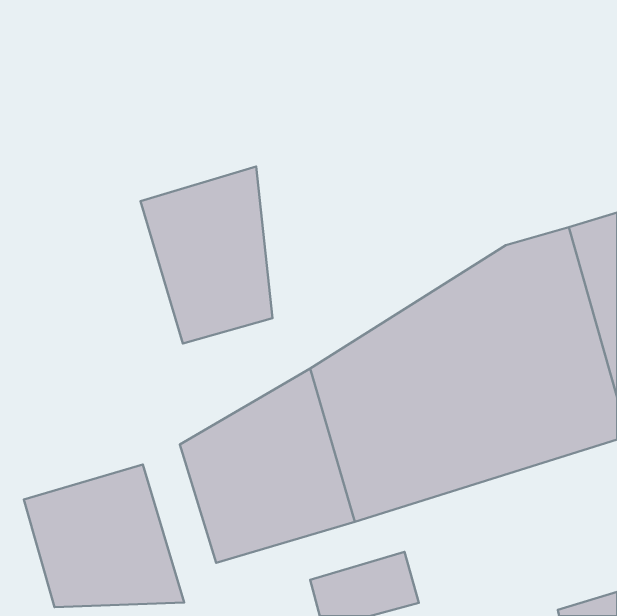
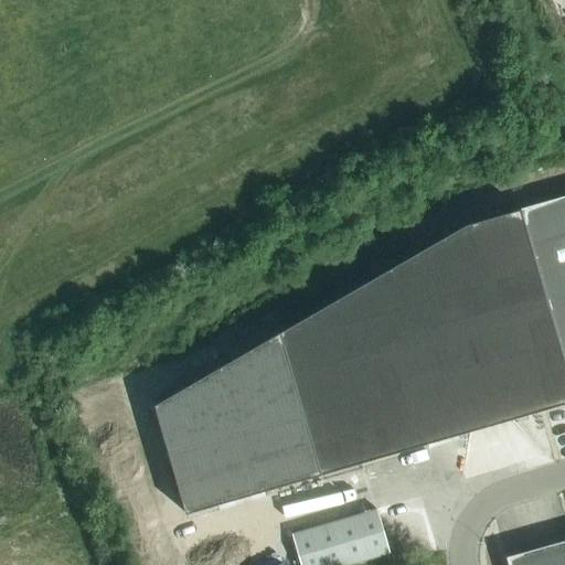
building: [141,166,273,344] -> none
building: [24,464,184,607] -> none

